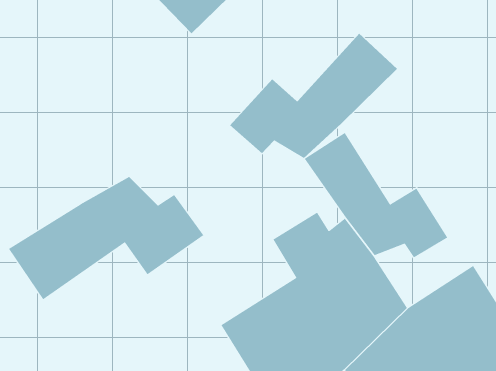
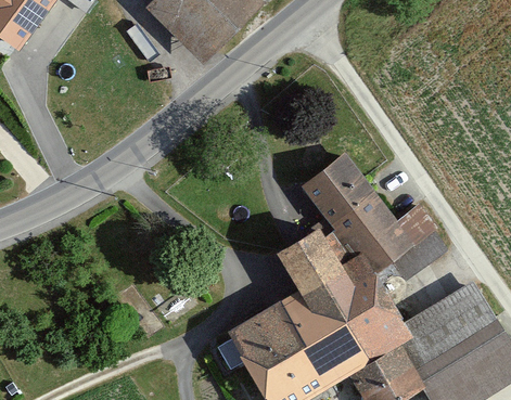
building: [229,33,398,159] -> none
building: [8,176,204,300] -> none

